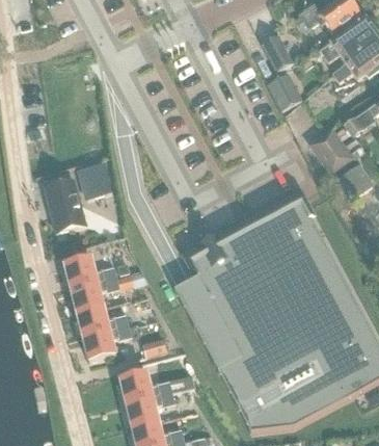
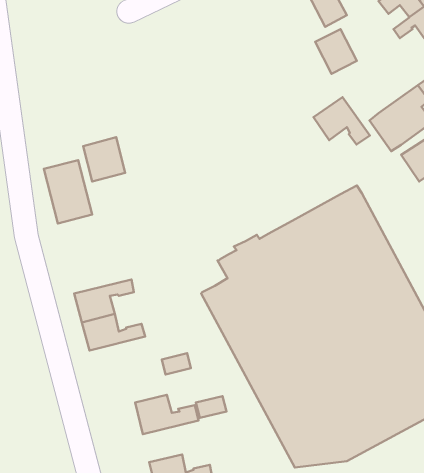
building: none -> [314,97,370,145]
building: [64,255,117,287] -> none
building: [83,322,132,359] -> none
building: [127,391,175,425] -> none

